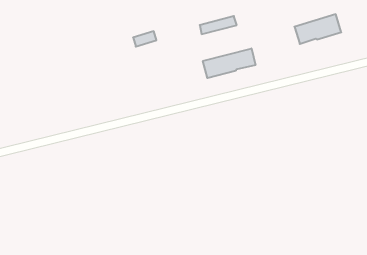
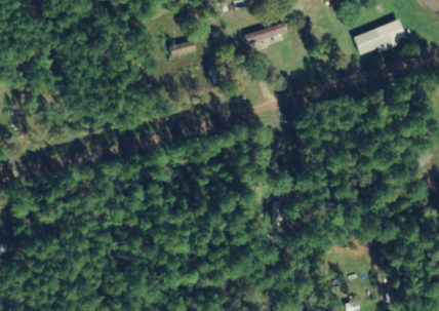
building: [203,48,255,78] -> none

